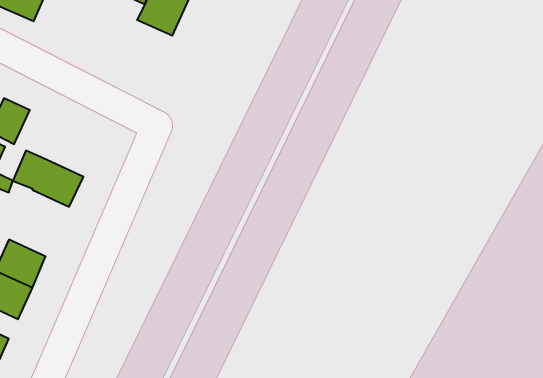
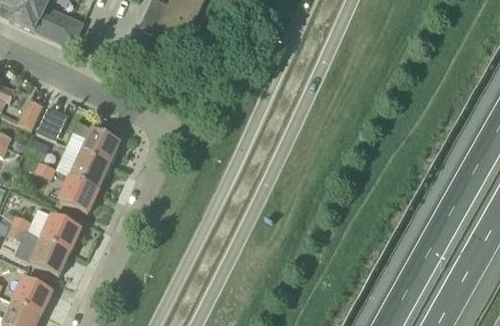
building: none -> [64,120,119,166]
building: none -> [58,176,97,213]

